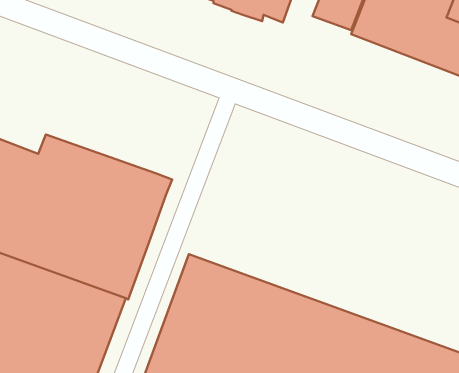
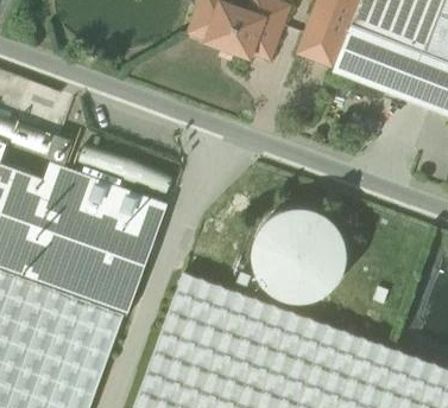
building: none -> [233,195,341,306]

